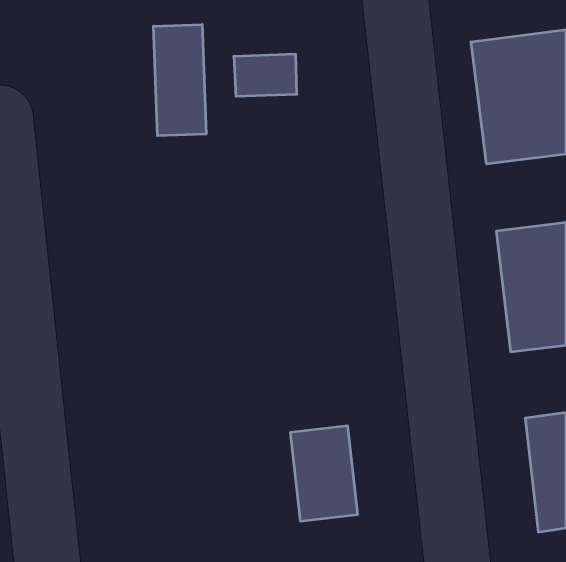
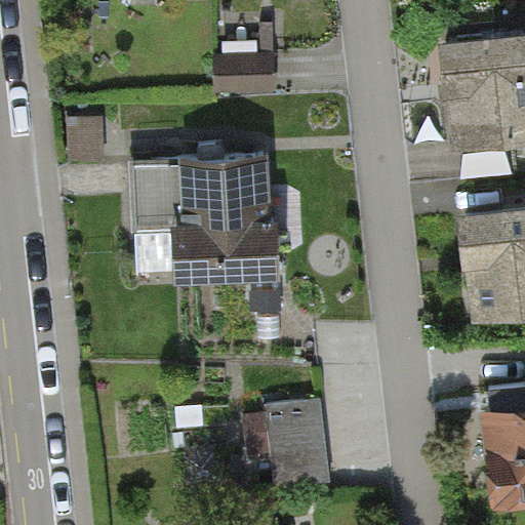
building: [154,24,206,136] -> none
building: none -> [132,154,279,281]

